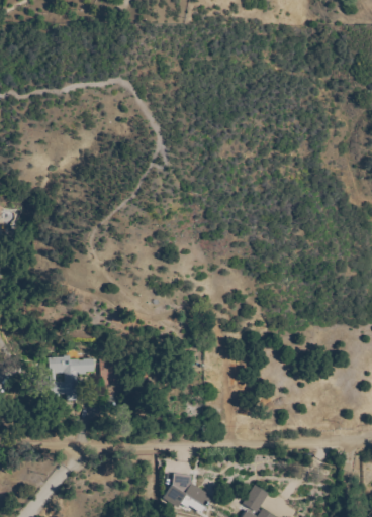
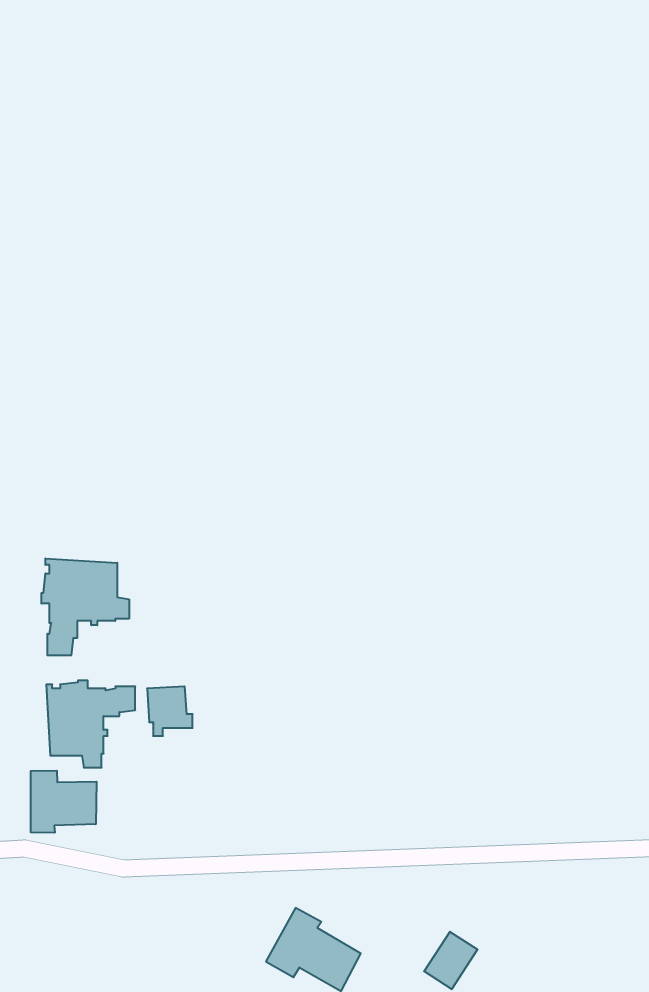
building: none -> [41,558,129,655]
building: none -> [31,771,97,833]

